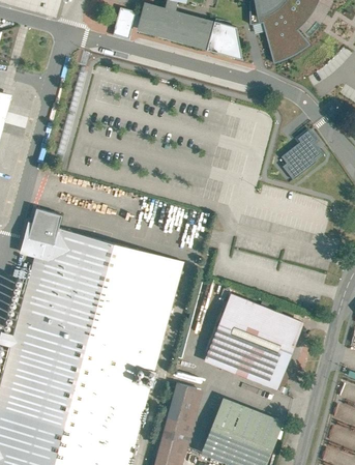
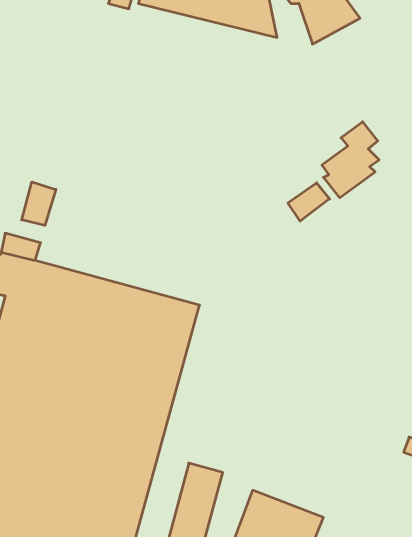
building: none -> [22,182,56,225]
building: none -> [288,183,330,221]
building: [204,294,302,390] -> none

